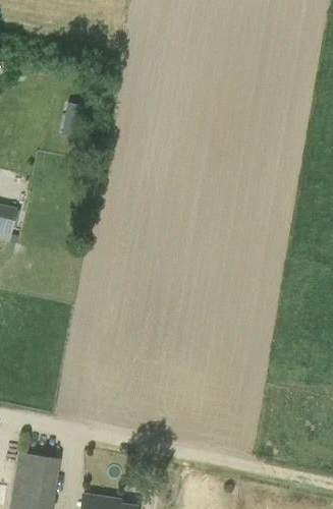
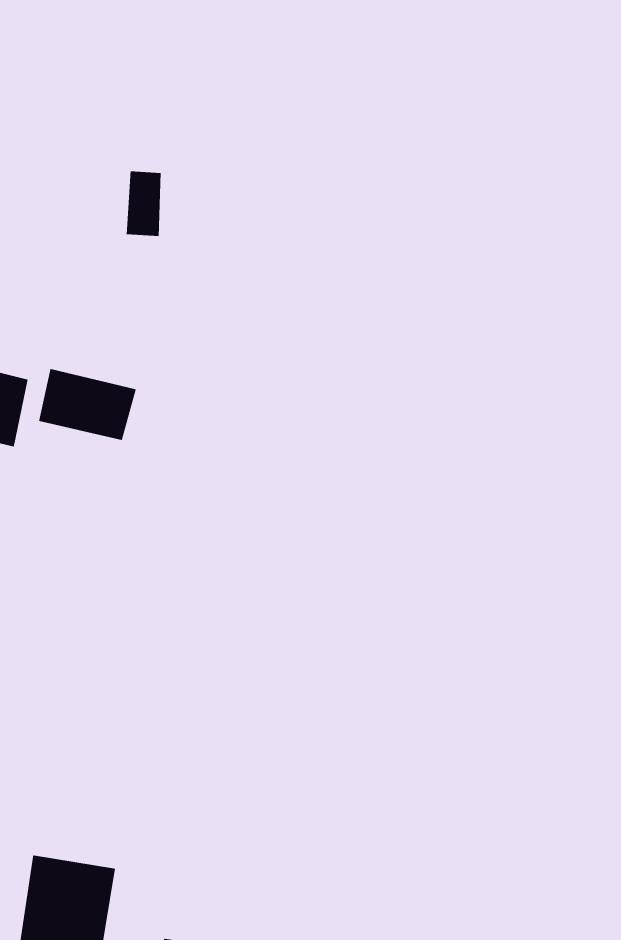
building: none -> [39,368,136,441]

